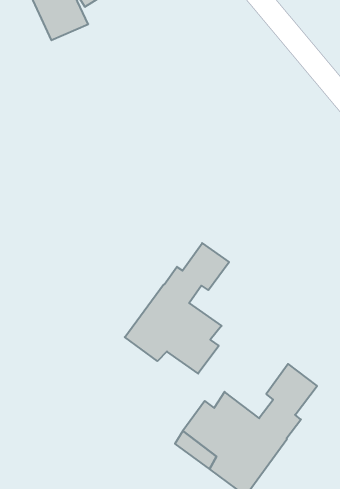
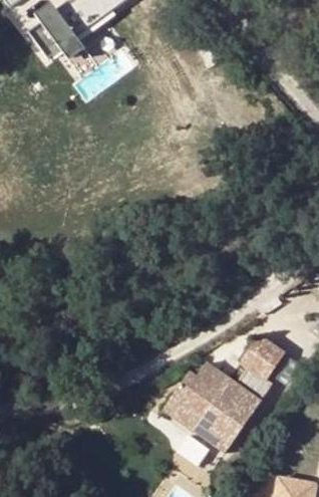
building: [125,243,229,374] -> none

